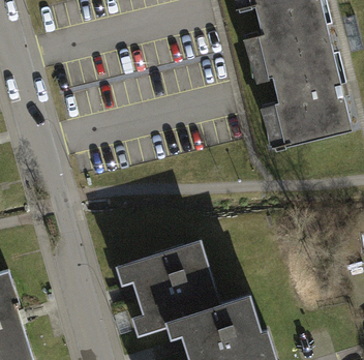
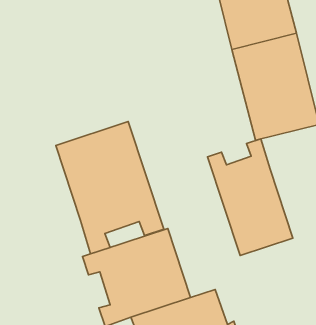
building: none -> [56,122,164,254]
building: none -> [207,139,293,256]

